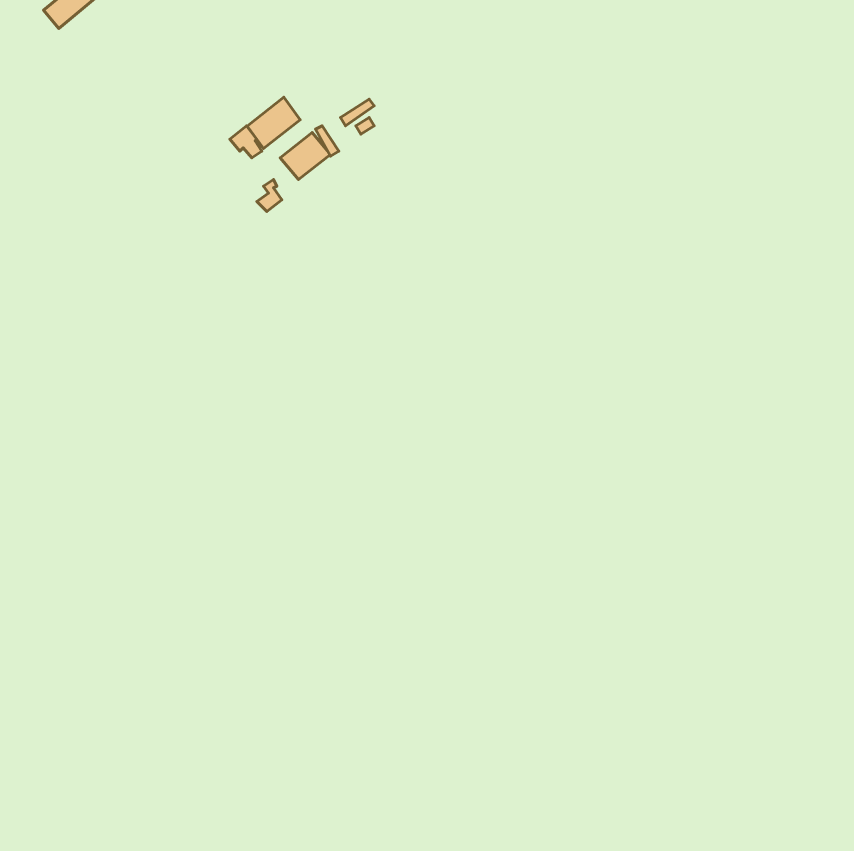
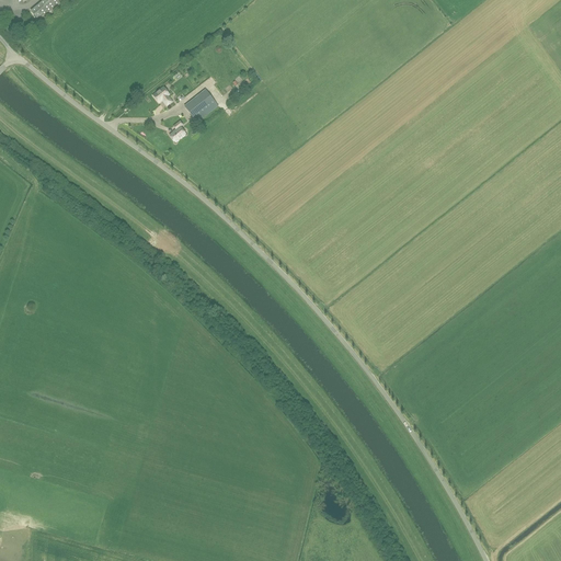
building: [247,97,300,149] -> none

